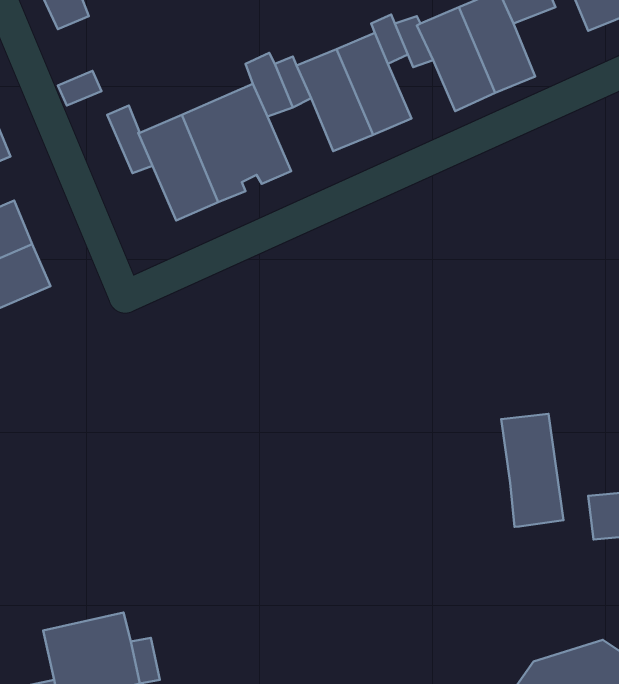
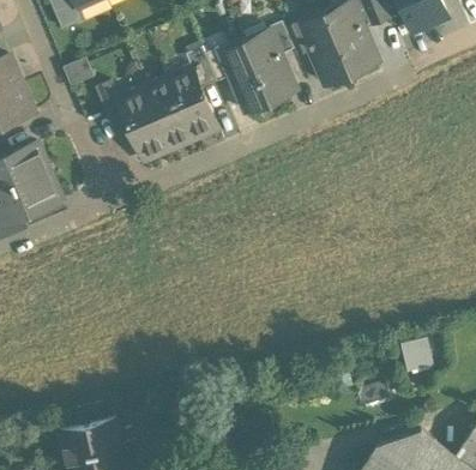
building: [501,414,564,527] -> none

